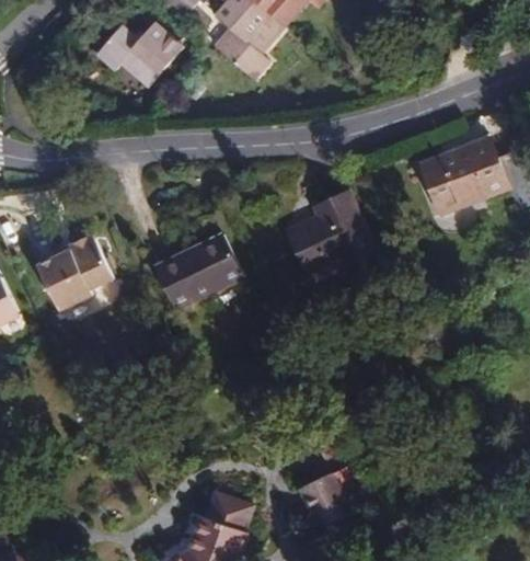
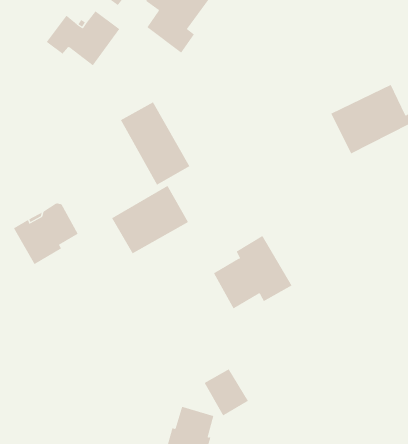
building: none -> [120,102,190,186]
building: [287,191,378,274] -> [213,235,292,309]
building: [301,472,352,527] -> [204,369,249,416]

